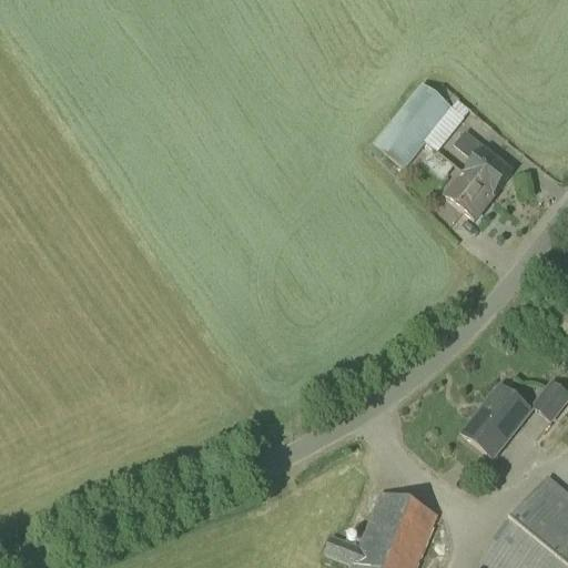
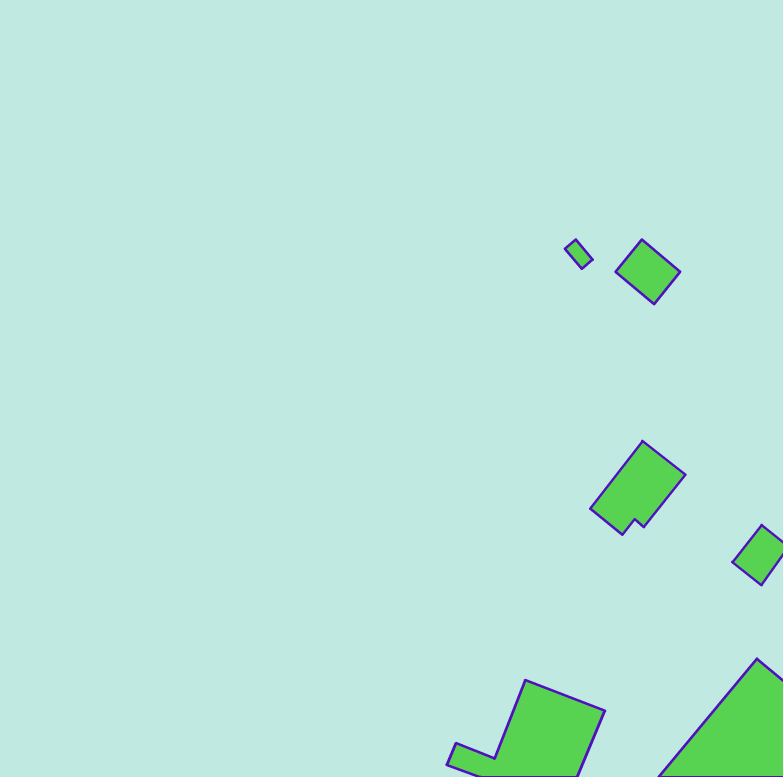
building: [374,83,452,168] -> none
building: [454,130,513,196] -> none
building: [463,385,531,453] -> [590,441,685,535]

